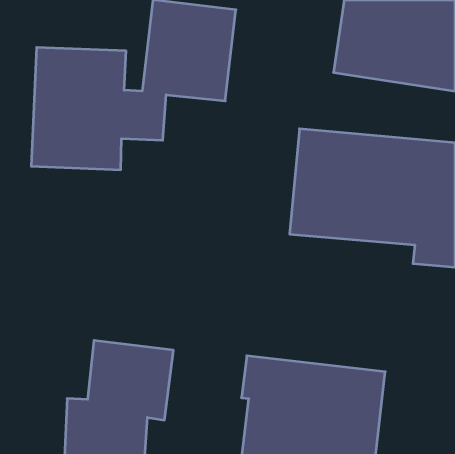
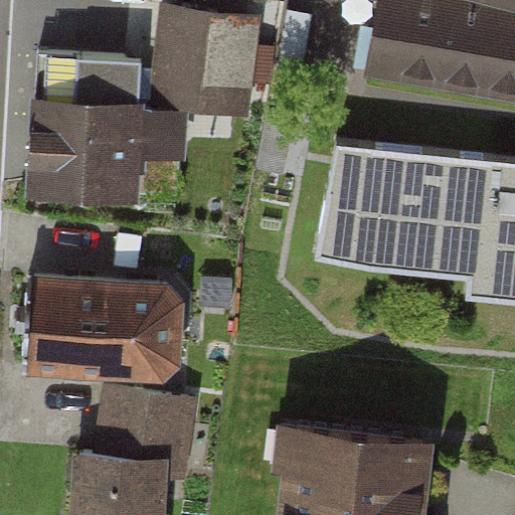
building: none -> [27,275,184,371]

